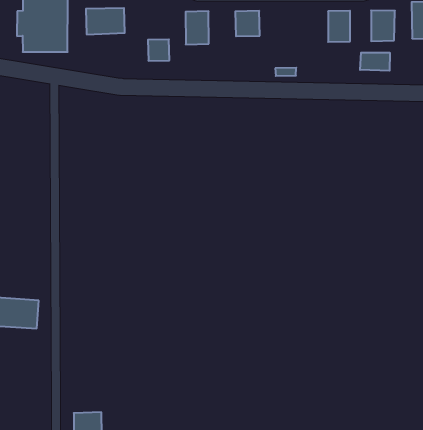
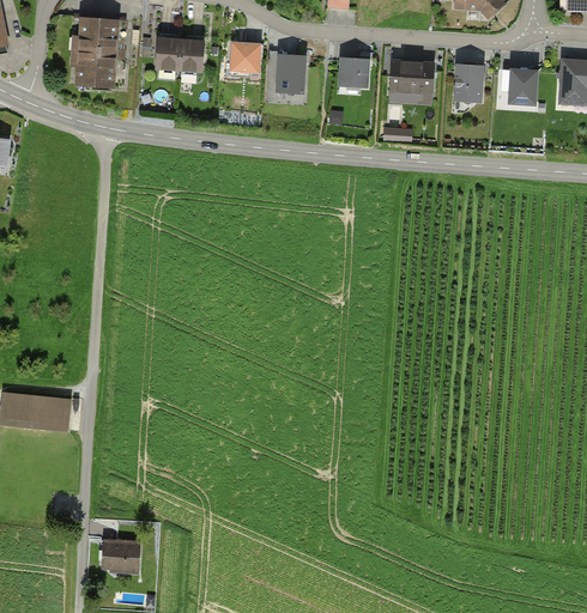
building: none -> [391,62,434,95]
building: [148,39,169,61] -> [232,44,260,72]
building: [360,53,390,71] -> none

